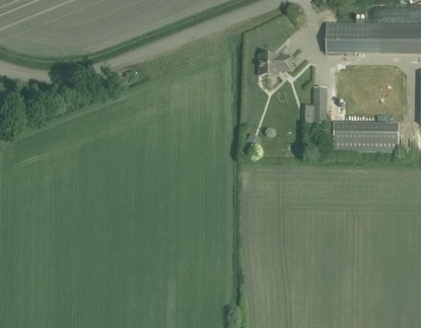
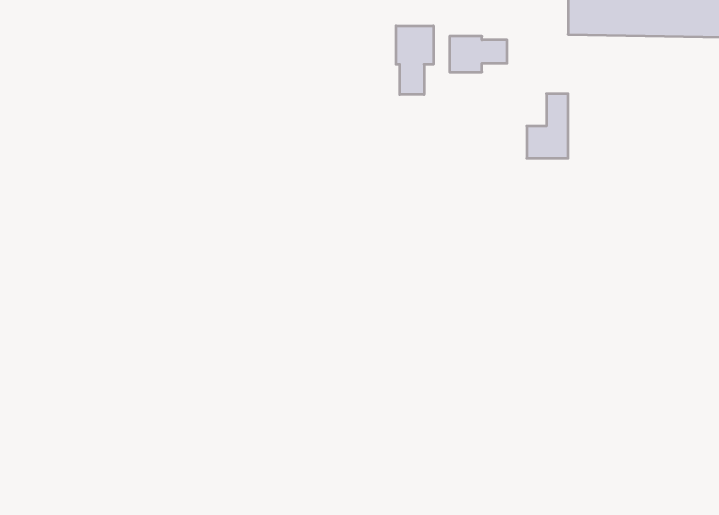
building: none -> [396,26,433,95]
building: [333,123,398,150] -> none

